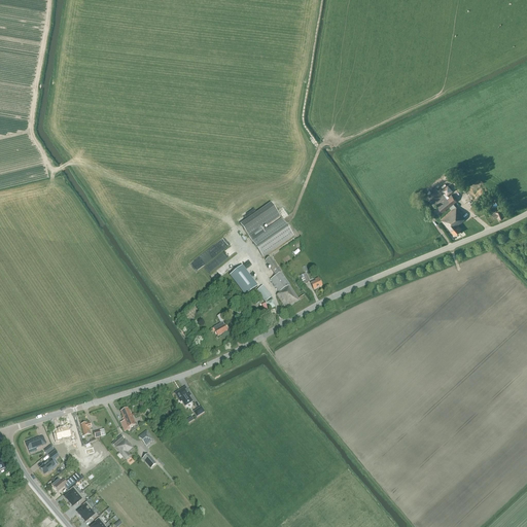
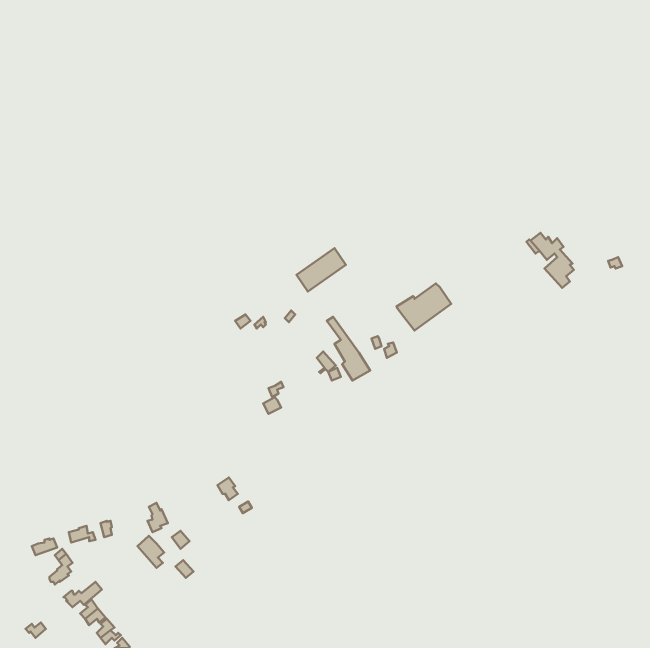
building: [249,217,293,255] -> [397,283,451,331]
building: [229,265,257,295] -> none

